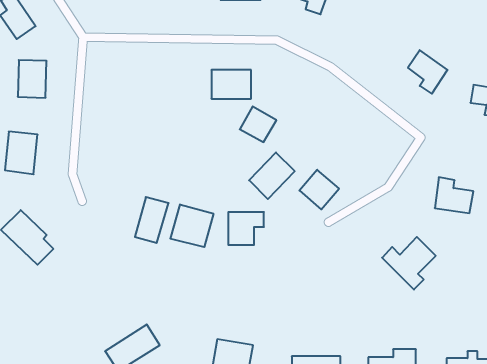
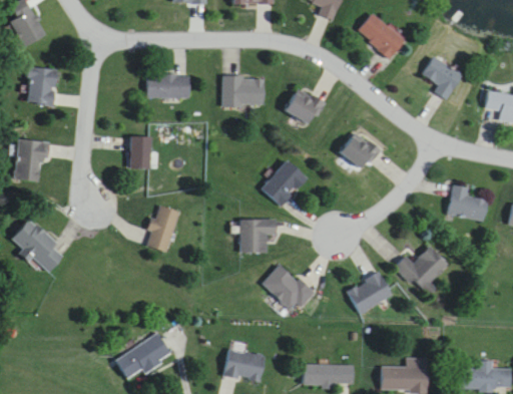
building: none -> [357,13,404,60]
building: none -> [146,73,189,97]
building: [240,106,276,142] -> [284,87,321,123]
building: none -> [130,135,151,168]
building: [299,170,339,209] -> [339,130,379,170]
building: [170,204,213,247] -> none
building: none -> [262,263,312,314]
building: none -> [347,272,392,313]

